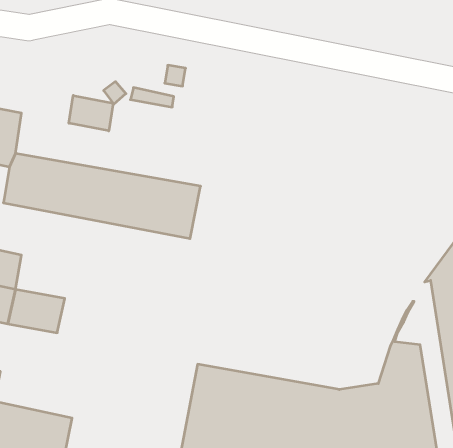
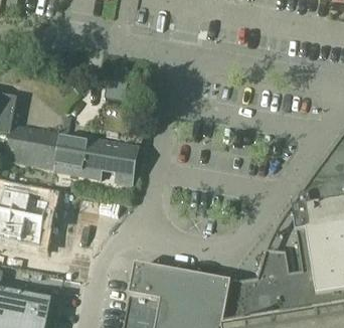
building: [69,95,113,131] -> none
building: none -> [13,191,50,220]

